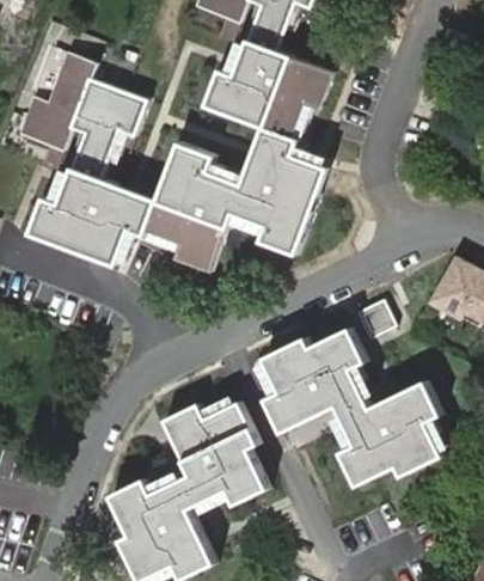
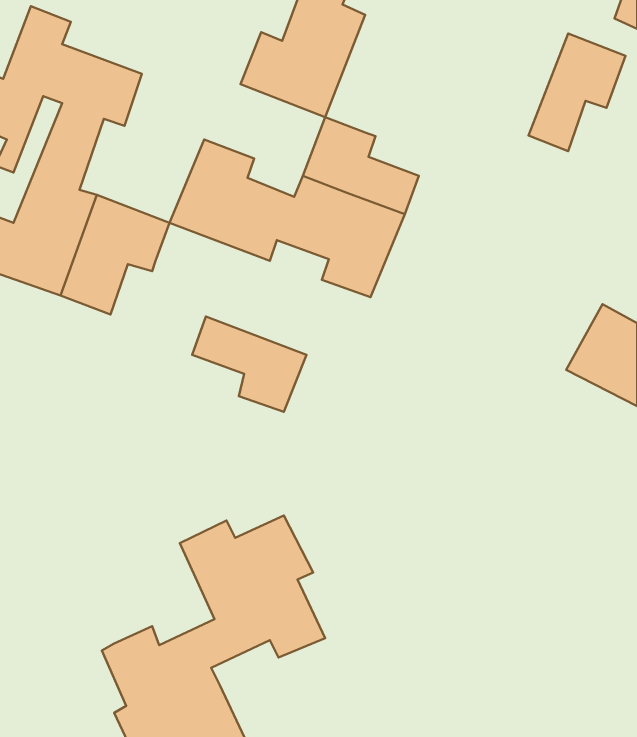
building: [264,59,331,140] -> [528,33,625,151]
building: [147,202,226,268] -> [192,317,306,412]
building: [262,331,439,485] -> none

